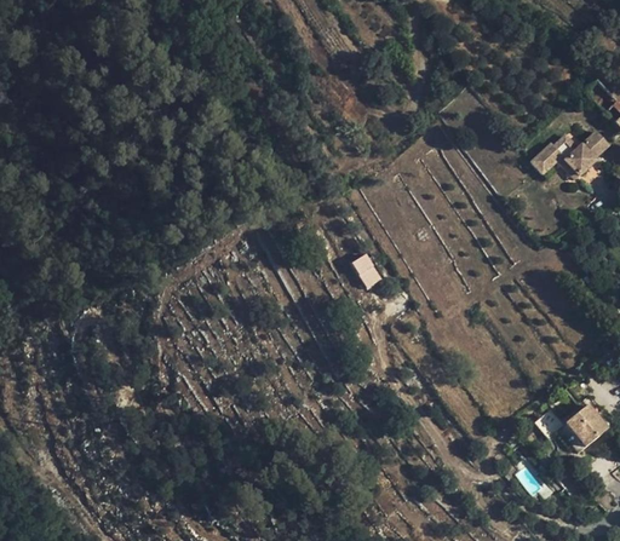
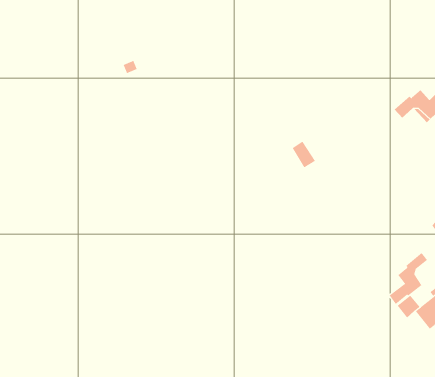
building: [351,252,383,288] -> [292,141,316,168]
building: none -> [389,252,428,305]

